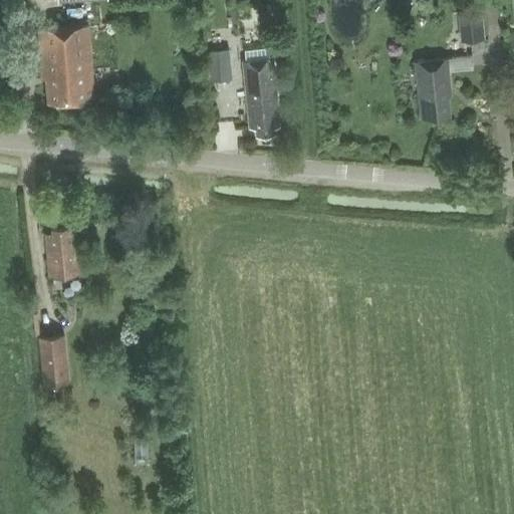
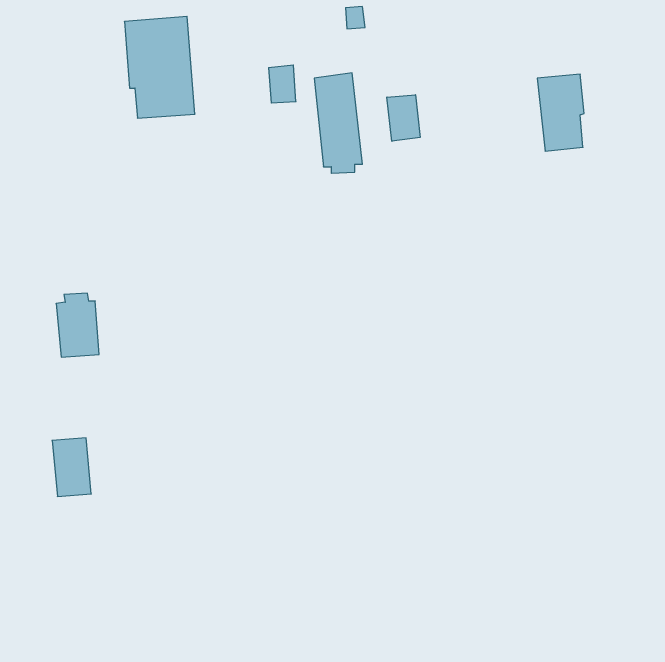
building: [460,15,485,43] -> none
building: [38,27,92,105] -> [124,16,195,118]
building: none -> [387,95,420,141]

